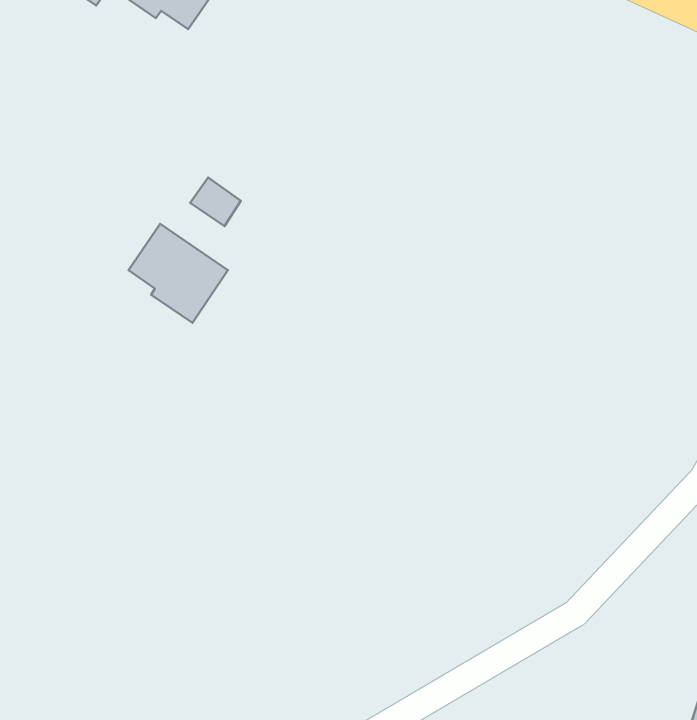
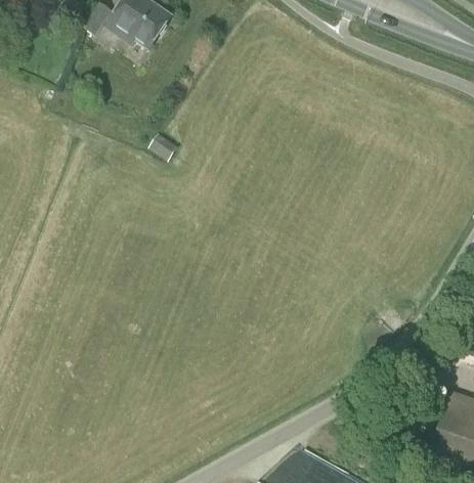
building: [129,224,228,323] -> none

